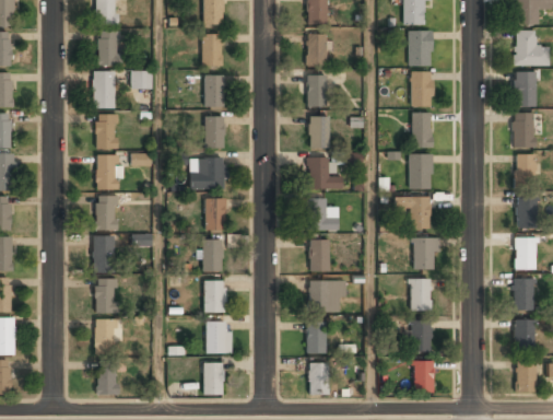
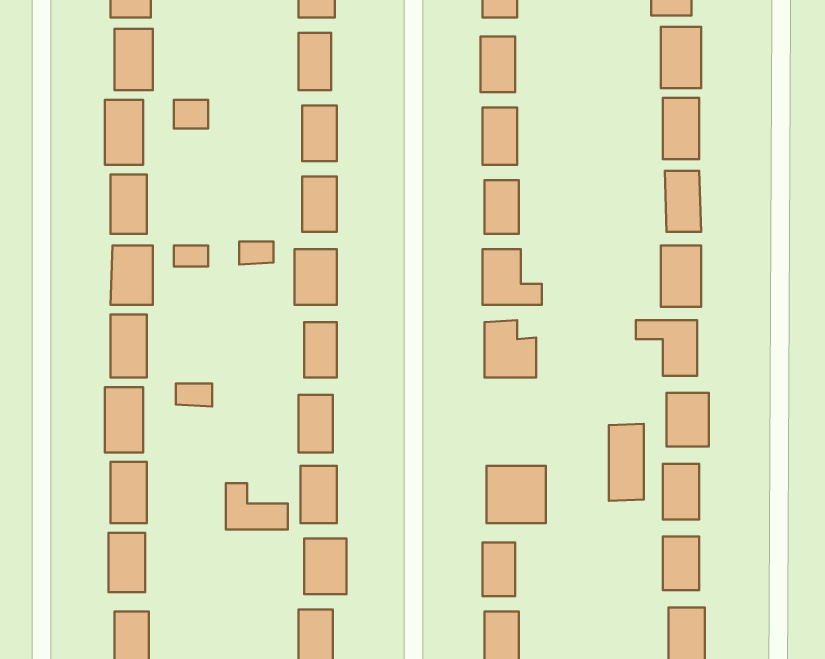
building: [311,238,330,270] -> none
building: none -> [609,424,644,501]
building: none -> [226,483,288,529]

